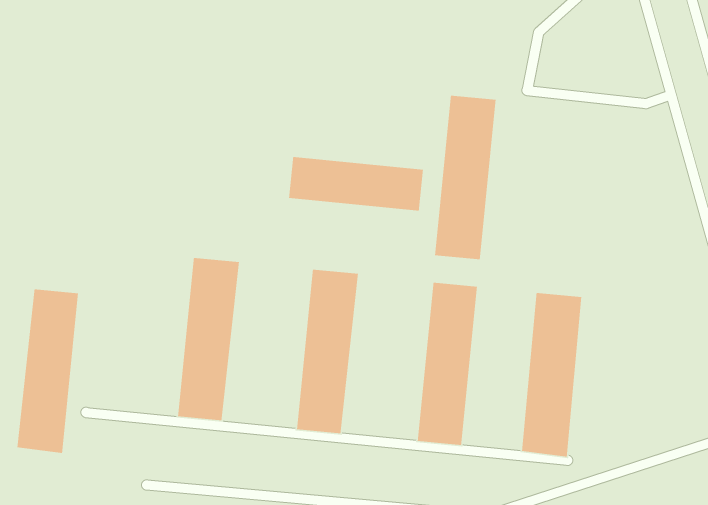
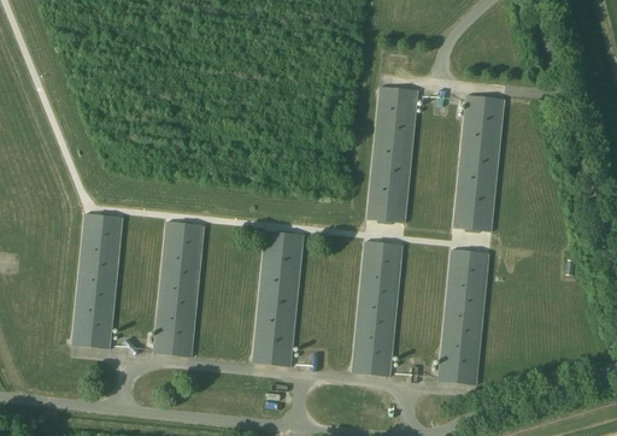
building: none -> [453,93,504,230]
building: [288,156,424,211] -> none
building: [17,288,79,454] -> [71,211,123,348]

